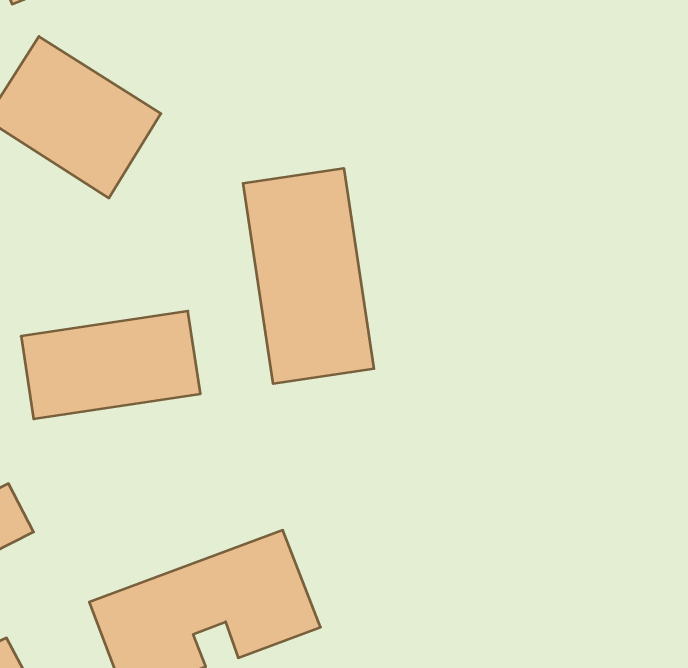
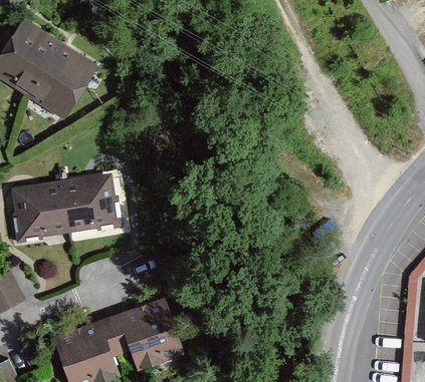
building: [243,168,374,384] -> none

